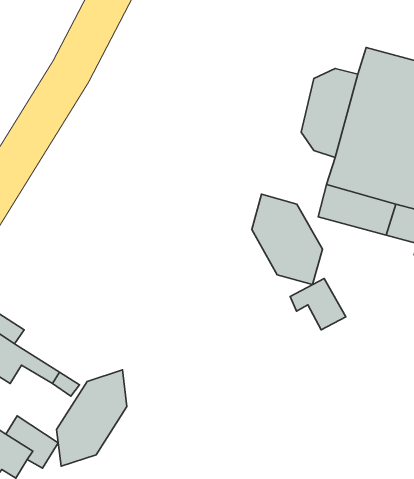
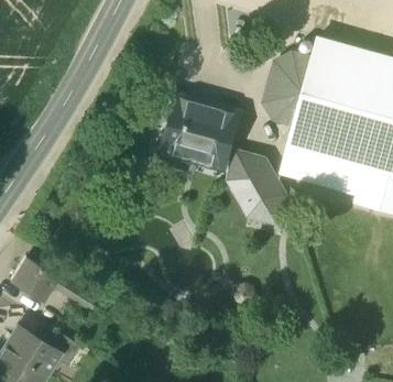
building: none -> [160,95,241,168]
building: [290,278,346,330] -> none
building: [57,370,127,466] -> none

